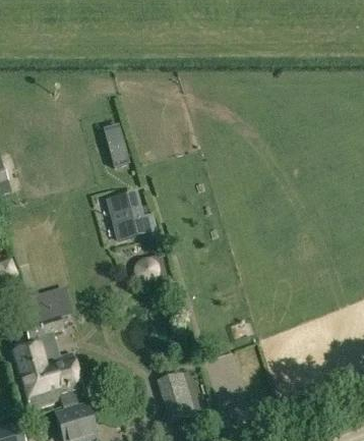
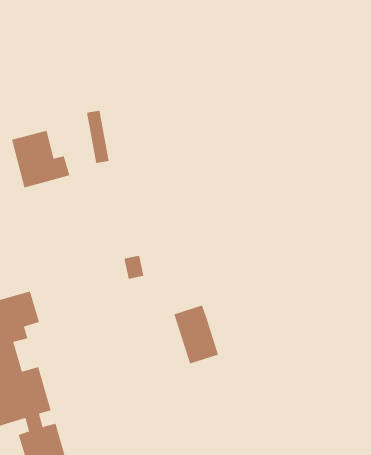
building: [106,190,158,241] -> [11,130,70,188]
building: [157,372,196,424] -> [173,305,219,364]

